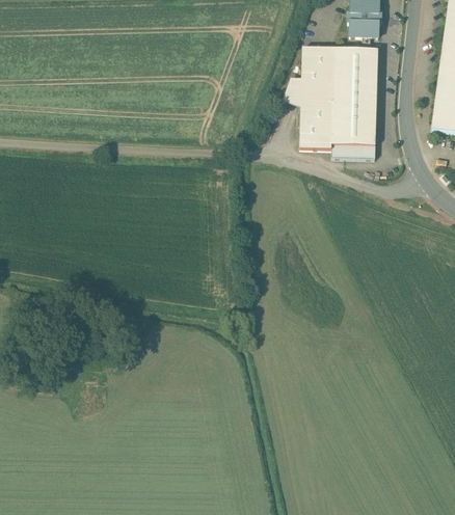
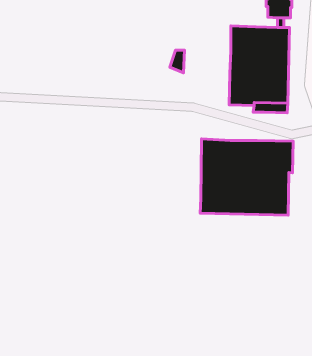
building: [283,78,301,107] -> [170,50,184,73]
building: none -> [200,139,293,215]

